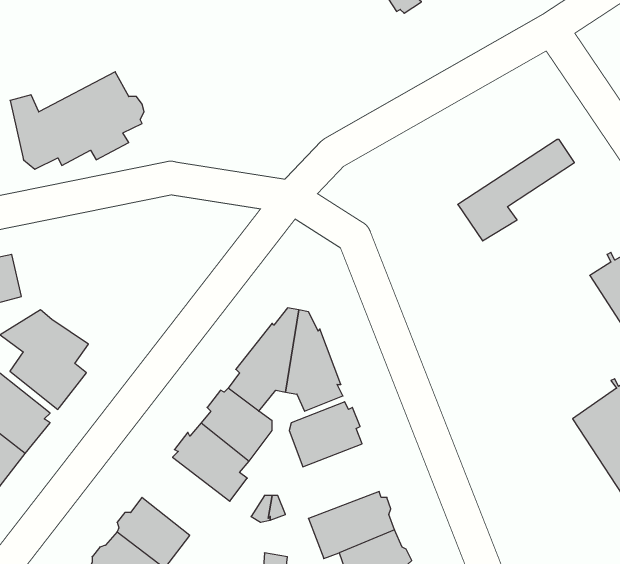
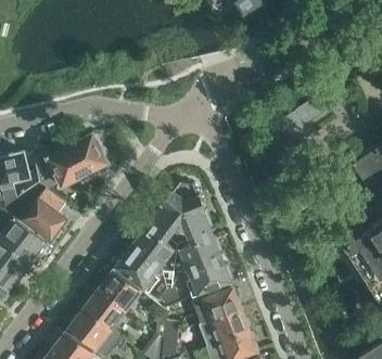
building: [10,72,144,169] -> [31,133,107,189]
building: none -> [182,259,231,297]
building: none -> [97,270,140,311]

